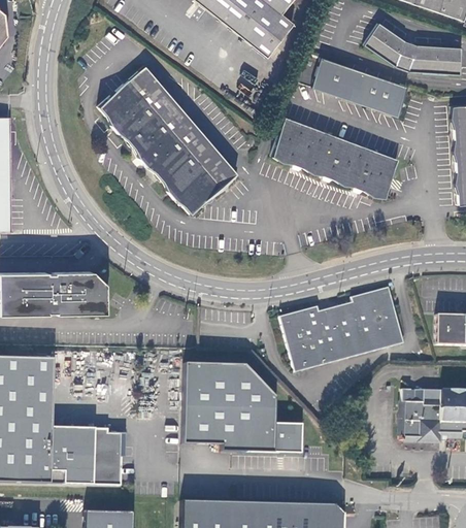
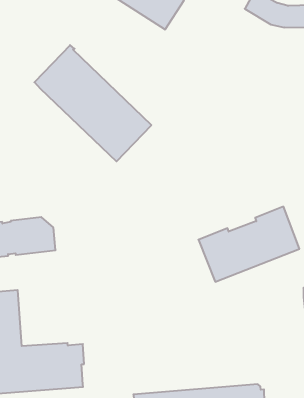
building: [310,56,406,113] -> none
building: [272,117,397,196] -> none
building: [181,363,300,454] -> none

